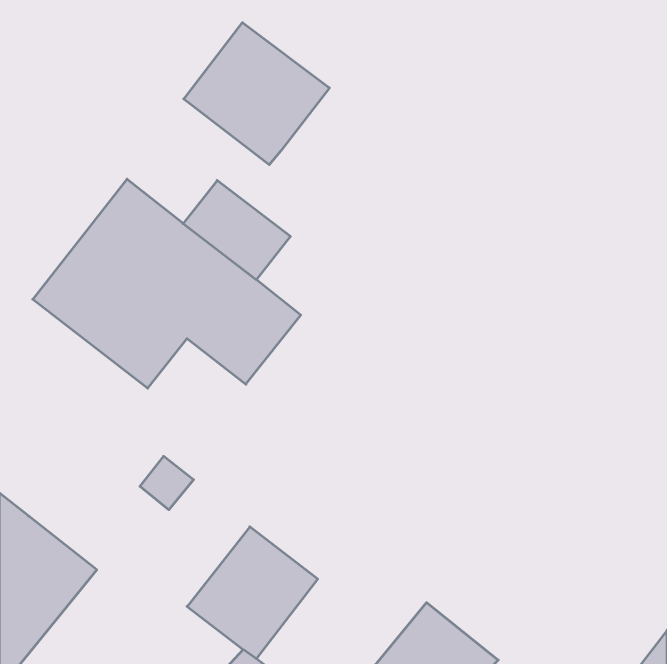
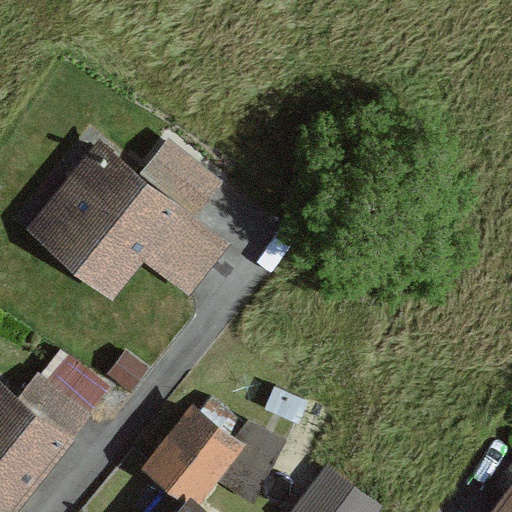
building: [184,23,329,165] -> none
building: none -> [22,350,112,439]

